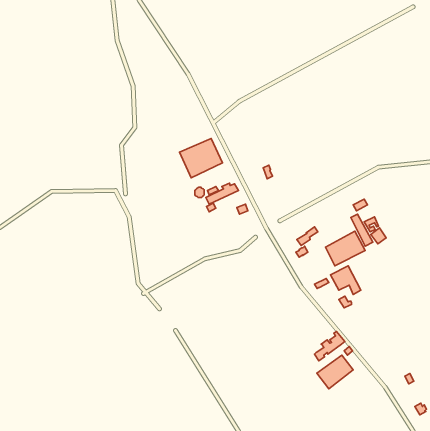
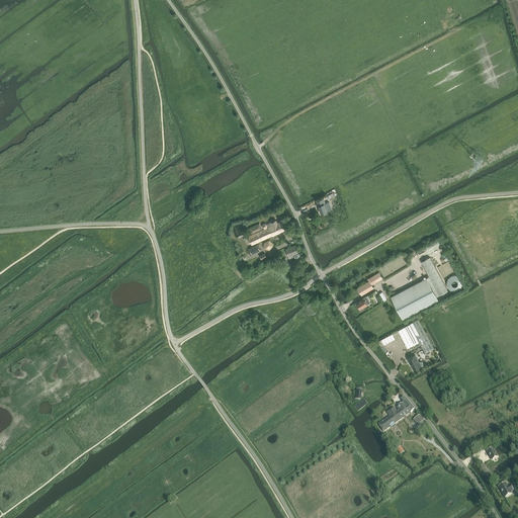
building: [179,139,223,178] -> none
building: [317,355,353,389] -> none

